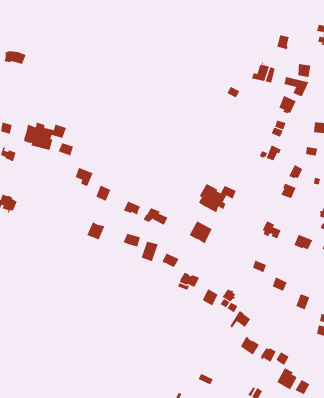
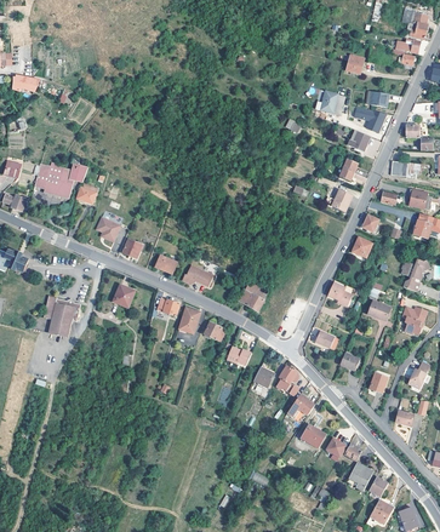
building: [198,183,236,213] -> none
building: none -> [42,294,79,336]

